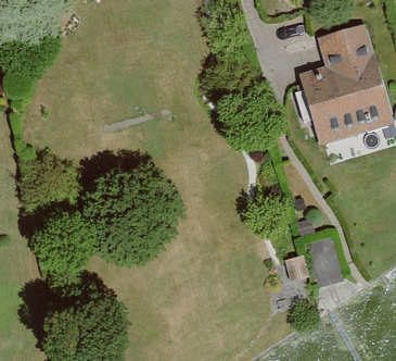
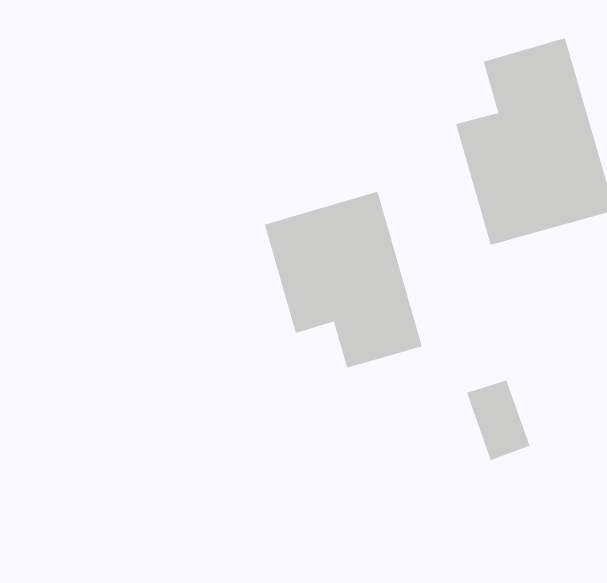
building: none -> [264,191,423,369]

